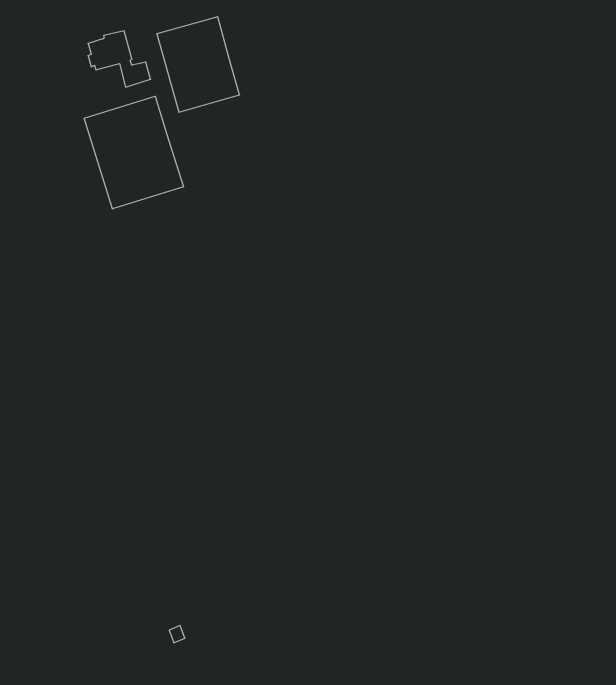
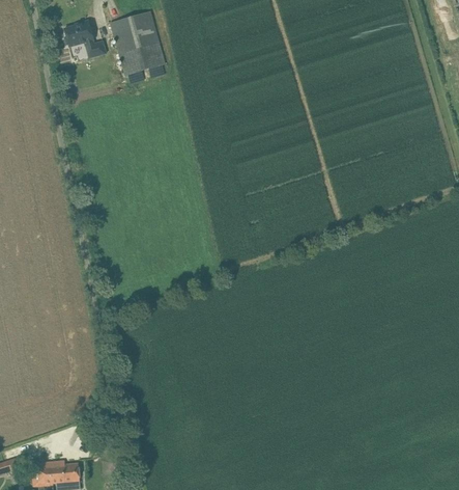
building: [84,96,184,209] -> none

